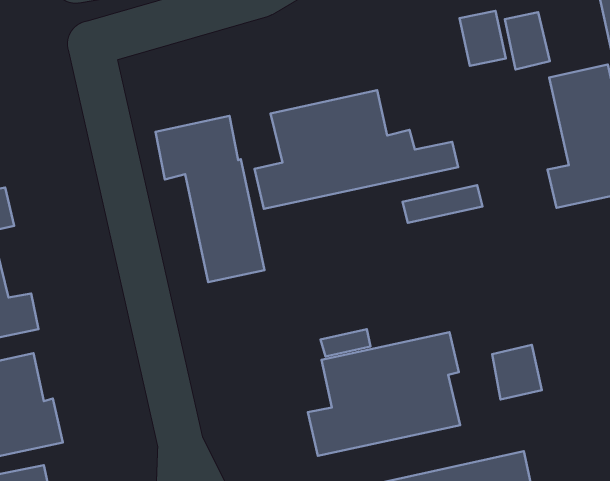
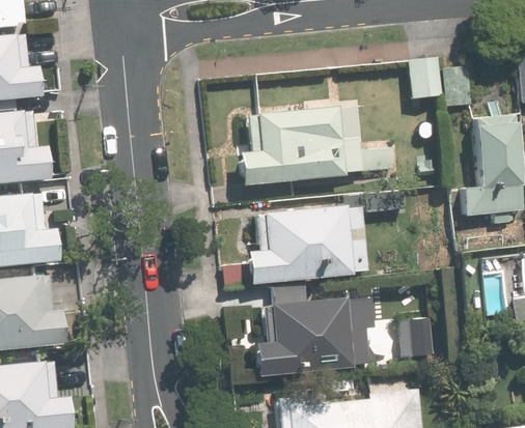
building: [155,116,264,282] -> none
building: none -> [223,207,366,291]

